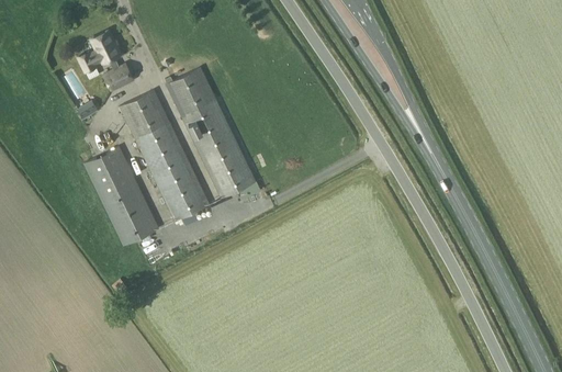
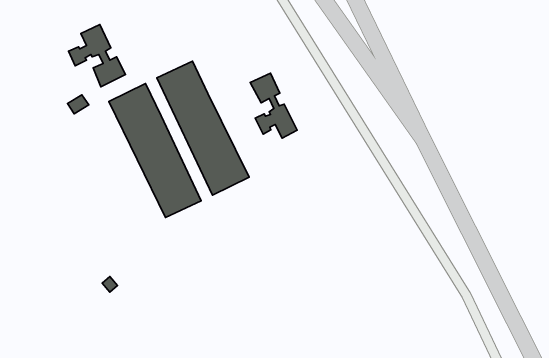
building: none -> [250,73,297,138]
building: [83,147,159,246] -> none

